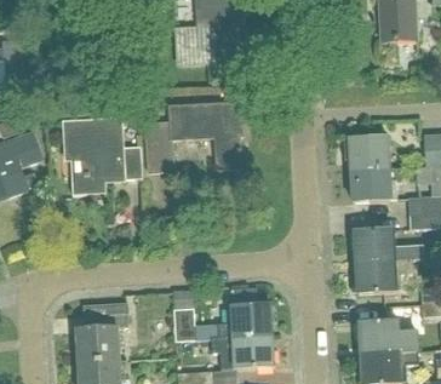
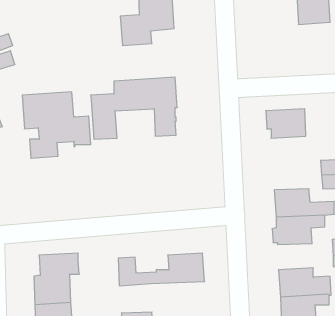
building: [349,167,400,201] -> none
building: [211,336,274,369] -> none

